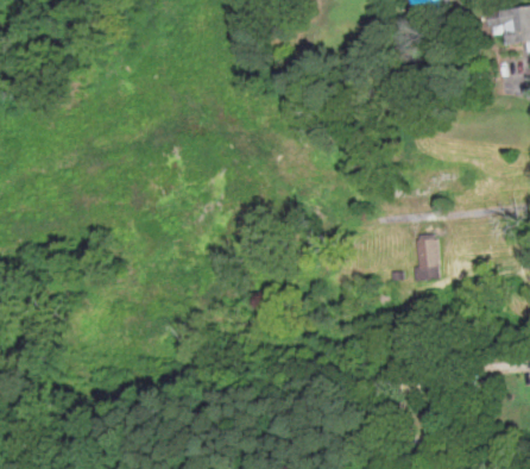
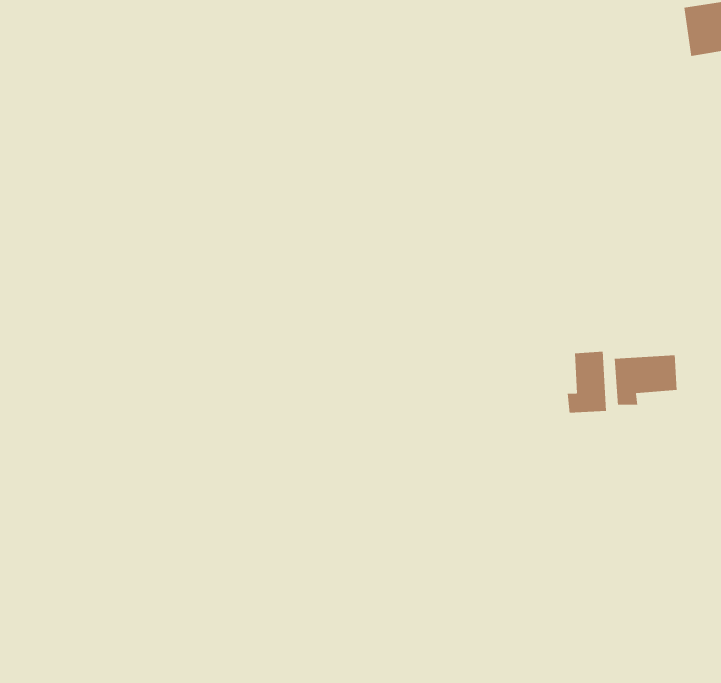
building: none -> [614,354,677,406]

